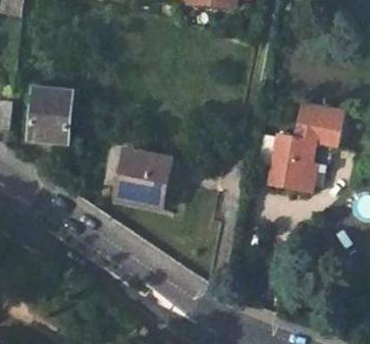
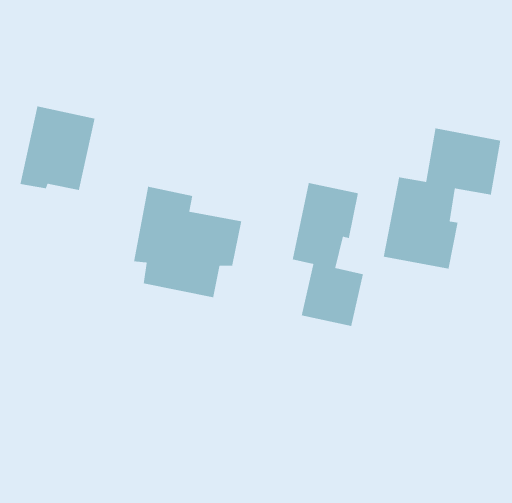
building: none -> [292,182,364,327]

